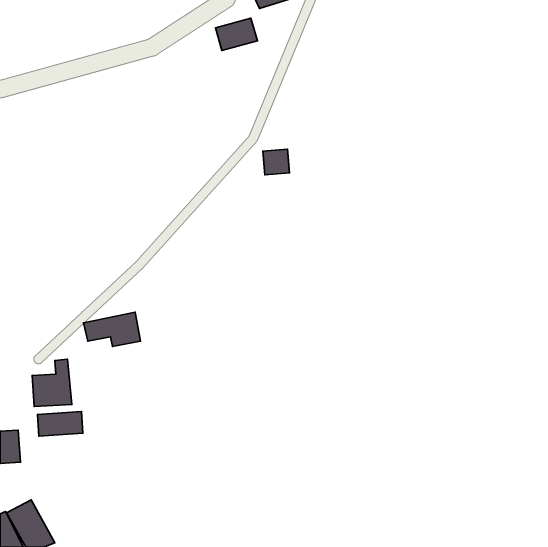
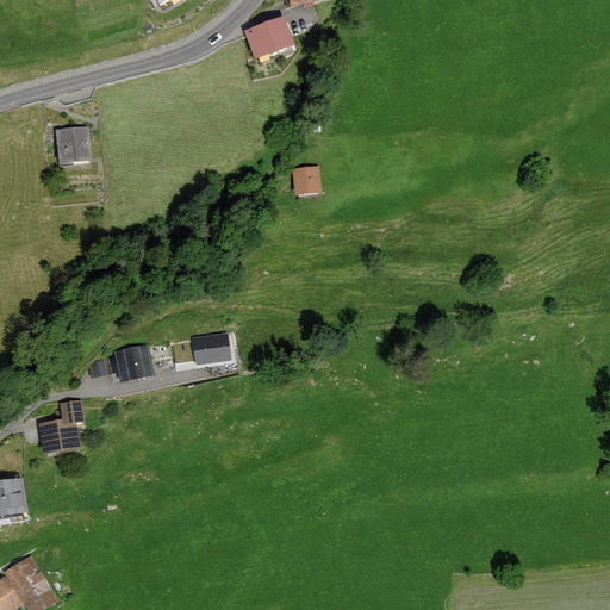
building: none -> [54,127,91,166]
building: none -> [194,335,229,362]
building: [38,411,83,436] -> none

